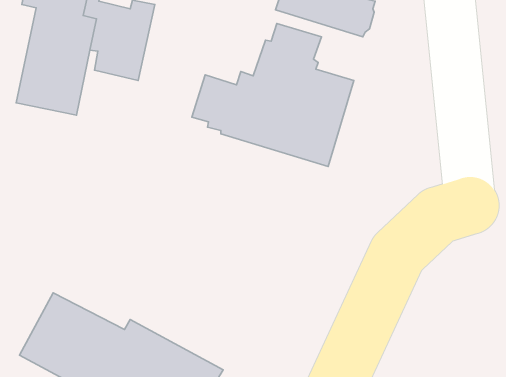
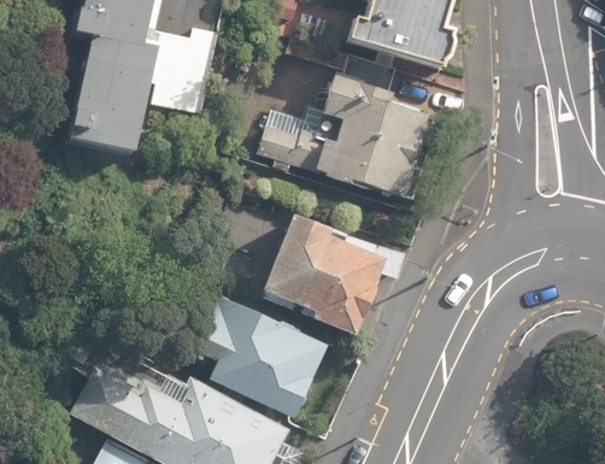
building: none -> [263,212,404,334]
building: none -> [194,295,329,418]

